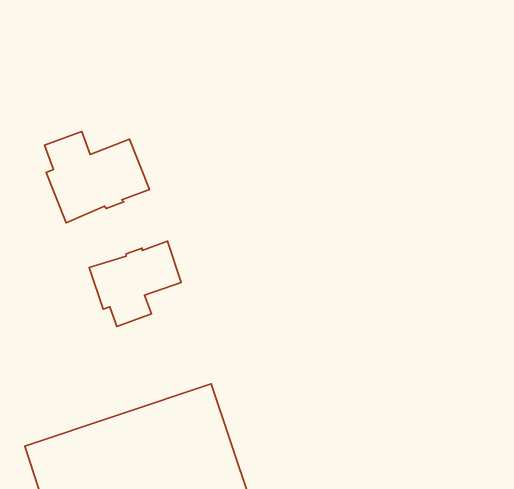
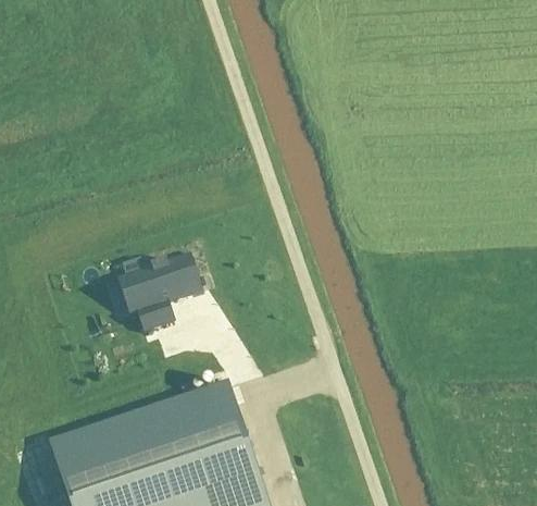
building: [44,132,149,223] -> none

